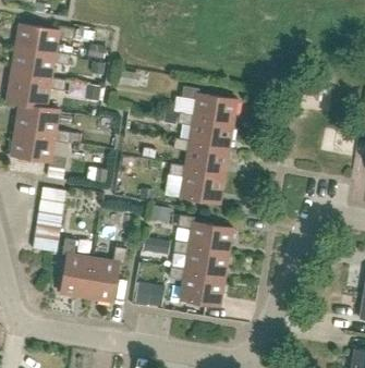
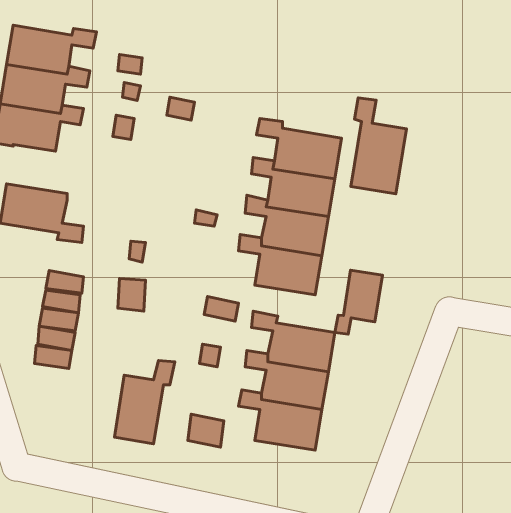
building: none -> [351,98,406,194]
building: [14,103,70,144] -> none
building: none -> [335,270,382,334]
building: [60,238,93,298] -> none

